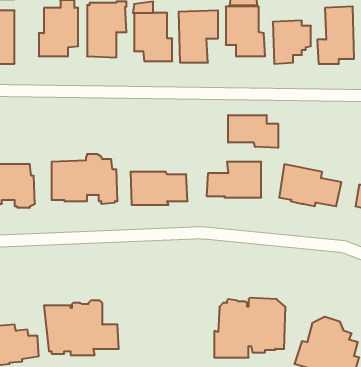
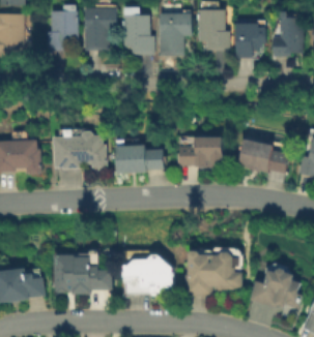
building: [228,115,278,148] -> none
building: none -> [120,249,174,296]

